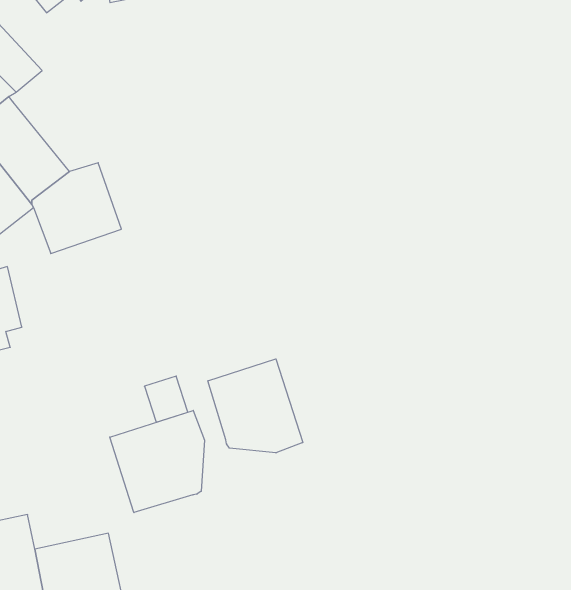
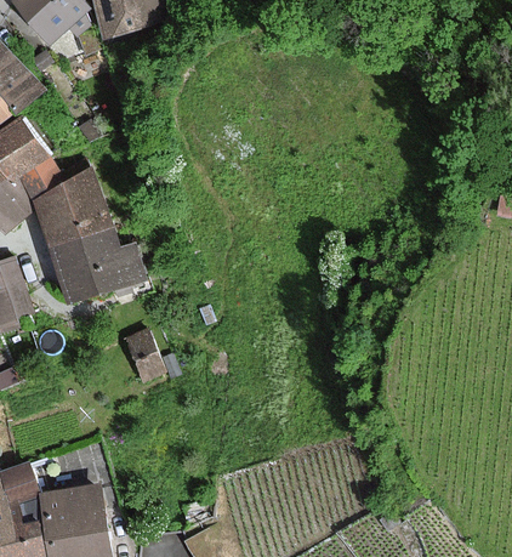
building: none -> [50,224,143,301]
building: [208,359,303,453] -> none
building: [110,410,205,513] -> none

